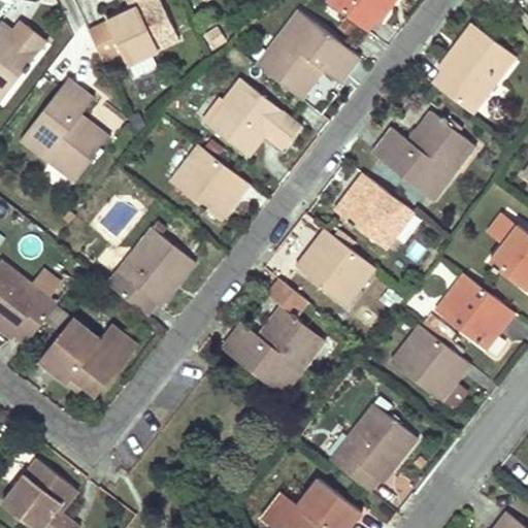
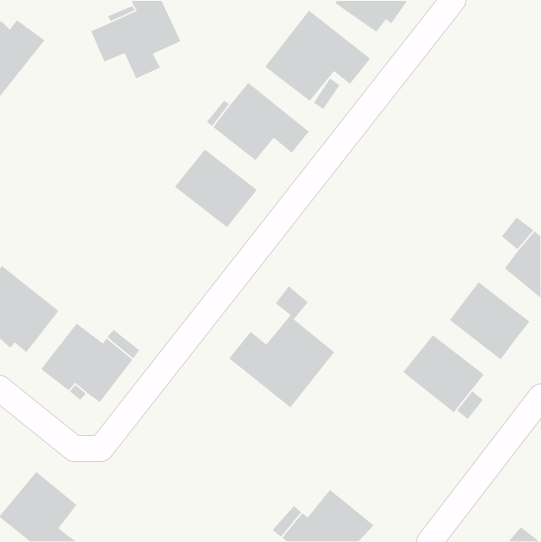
building: [430,21,516,113] -> none
building: [20,77,109,182] -> none
building: [370,109,474,199] -> none
building: [335,172,426,246] -> none
building: [107,227,197,317] -> none
building: [296,227,374,302] -> none
building: [331,403,420,491] -> none

